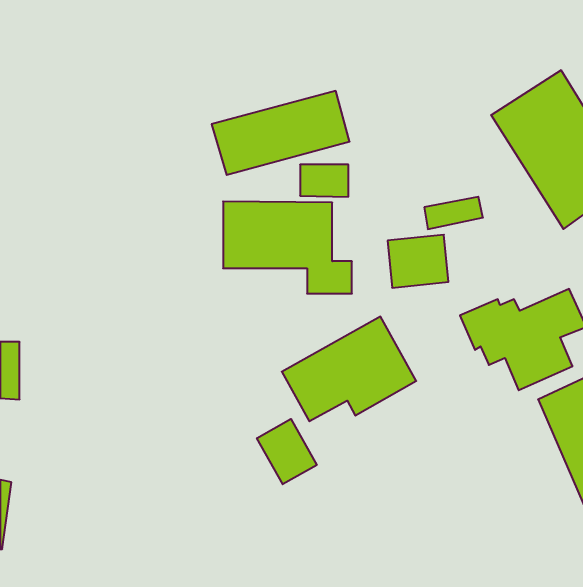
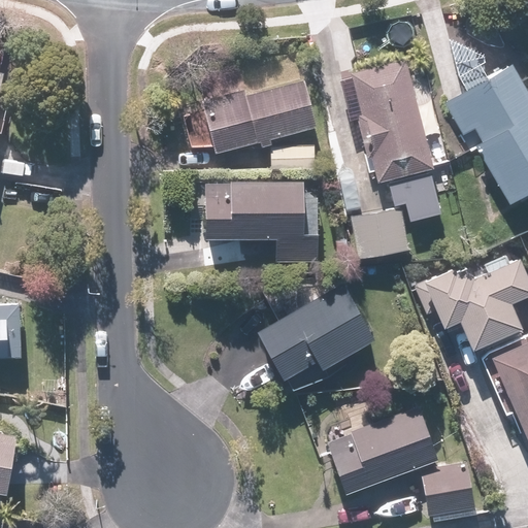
building: none -> [349,59,433,182]
building: [257,419,317,484] -> none
building: none -> [323,407,438,497]
building: none -> [419,461,478,521]

